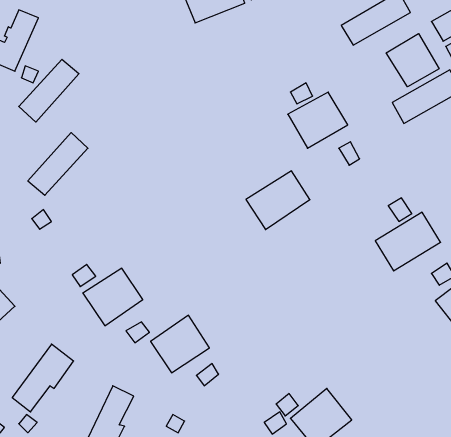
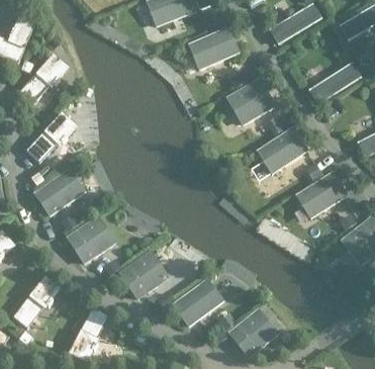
building: none -> [188,29,236,69]
building: [386,34,439,87] -> none
building: [246,171,310,230] -> [255,128,304,174]
building: none -> [32,168,84,215]
building: none -> [171,278,222,326]

